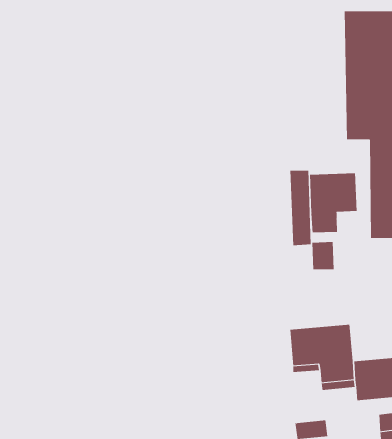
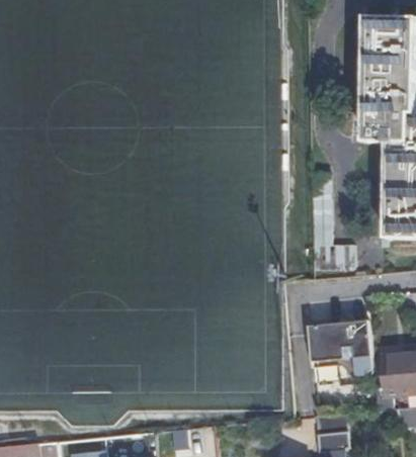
building: [309,172,357,233] -> none

